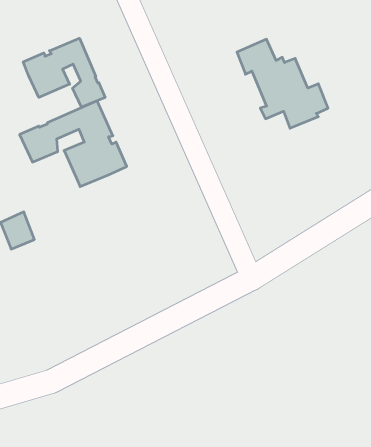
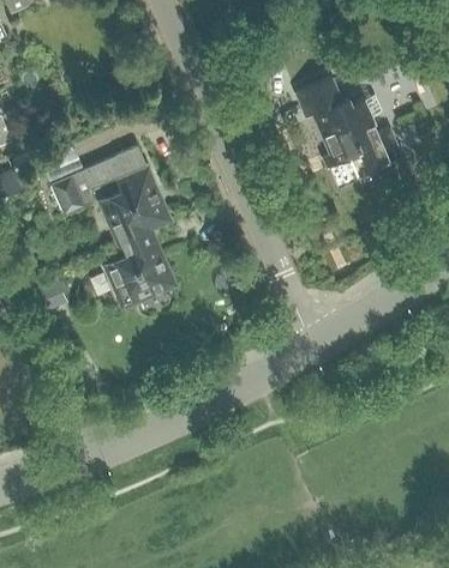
building: [23,38,105,107] -> none
building: none -> [104,230,175,308]

